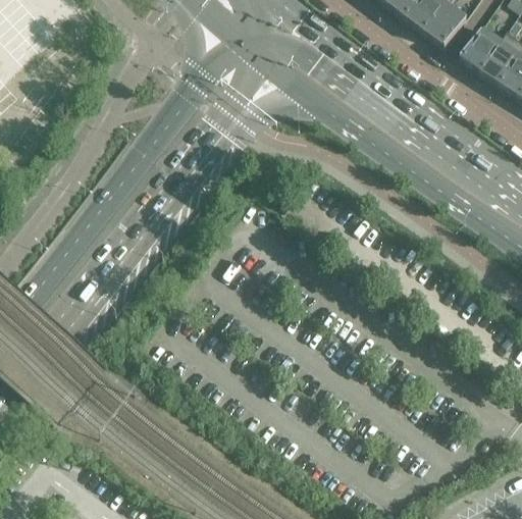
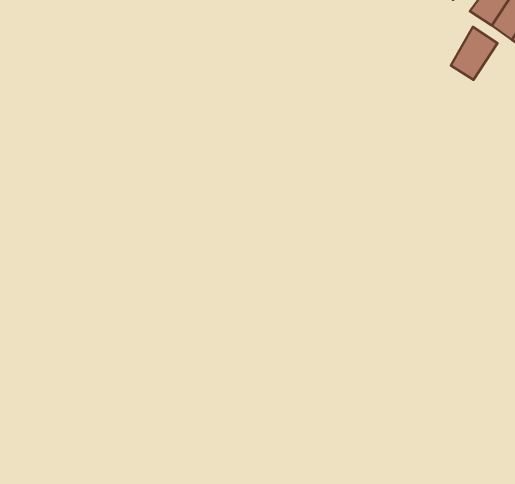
building: none -> [451,27,498,80]

